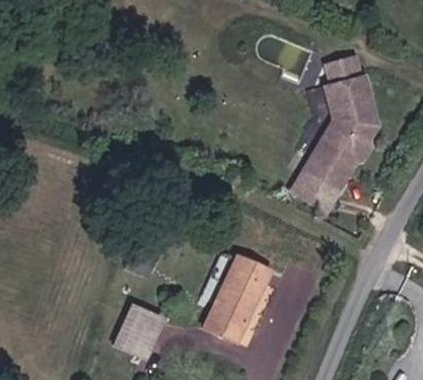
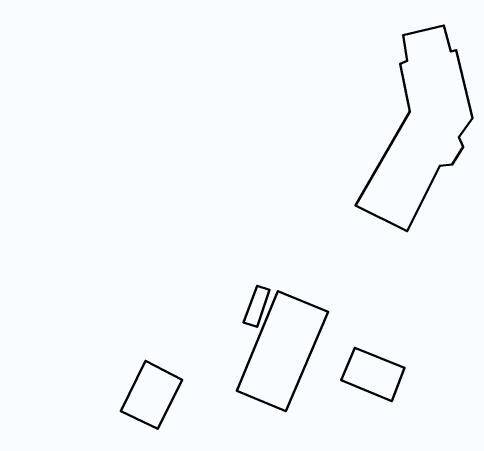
building: none -> [341,348,405,401]

